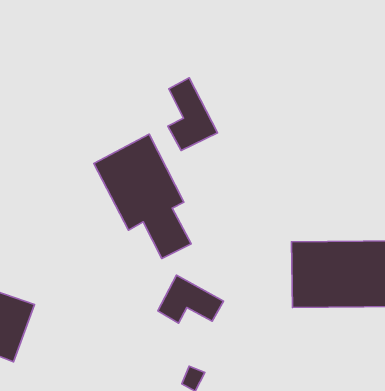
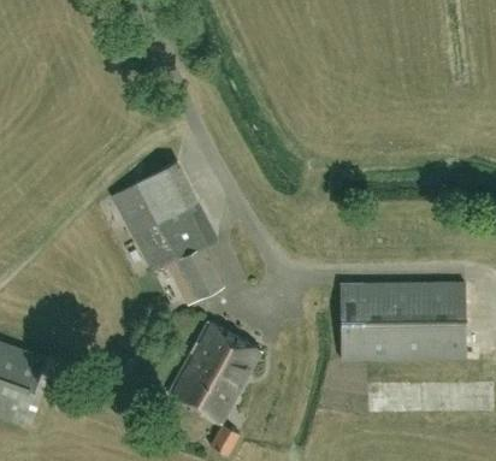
building: [168,78,217,151] -> none
building: none -> [169,360,248,424]

